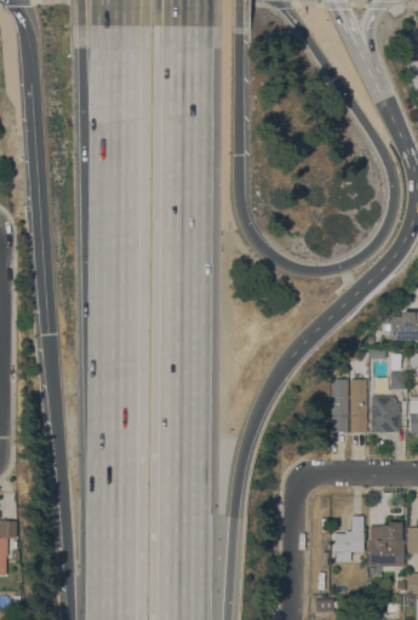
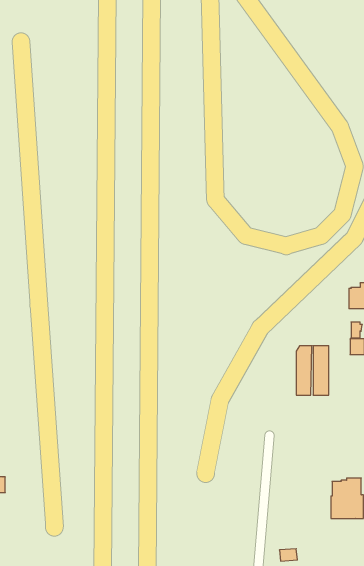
building: [371,396,400,432] -> none
building: [334,516,365,562] -> none

